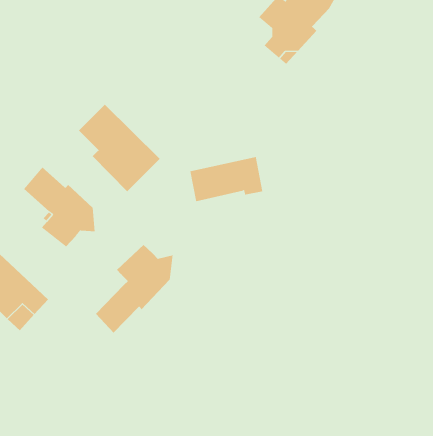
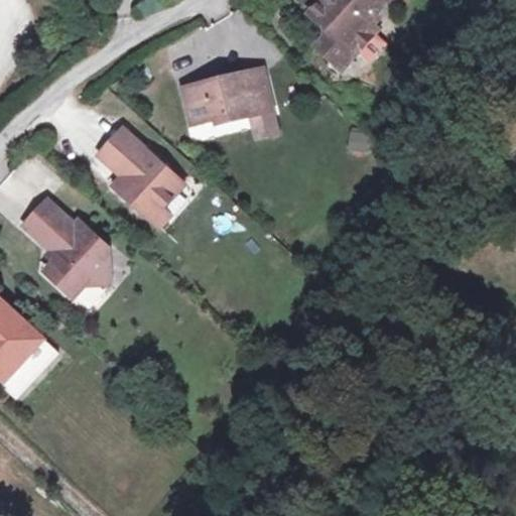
building: [189,156,263,202] -> [176,75,263,128]
building: [95,244,173,334] -> none

